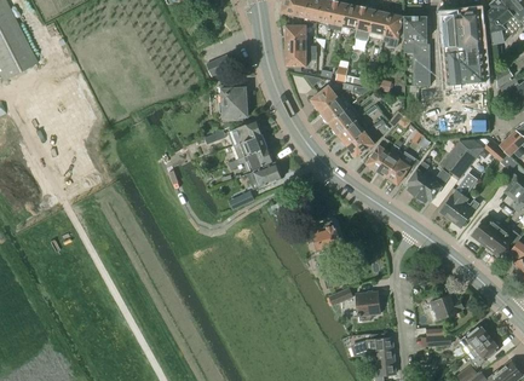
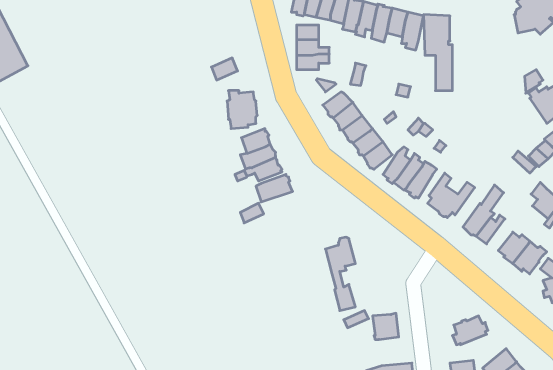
building: [442,11,488,86] -> none
building: [442,139,483,179] -> none

